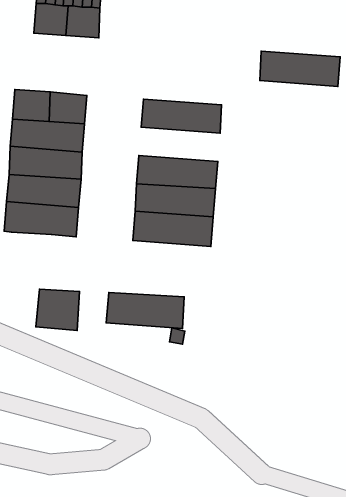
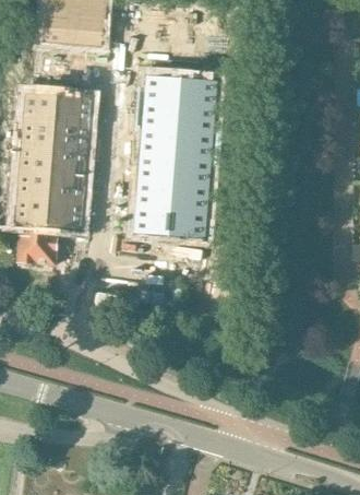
building: [260,51,340,86] -> [142,75,216,108]
building: none -> [137,129,213,161]
building: [36,289,80,330] -> [16,226,57,264]
building: [106,293,184,329] -> none

